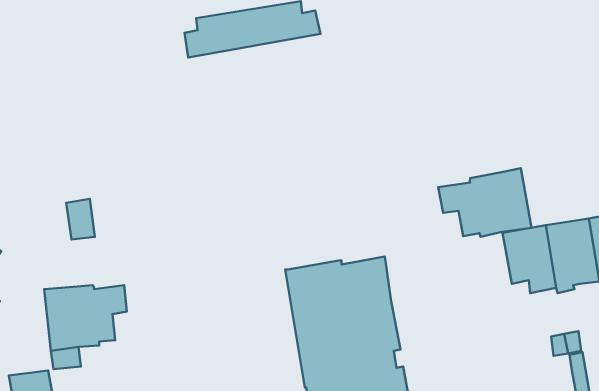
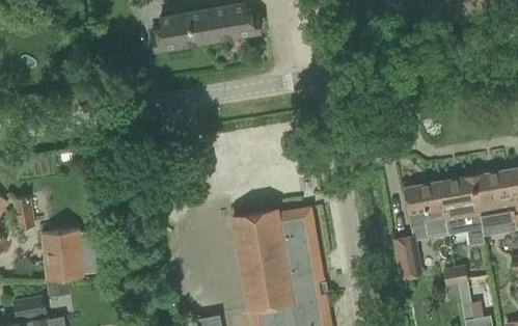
building: [438,168,531,237] -> none
building: [66,199,95,239] -> [12,196,35,228]
building: none -> [392,236,420,280]

